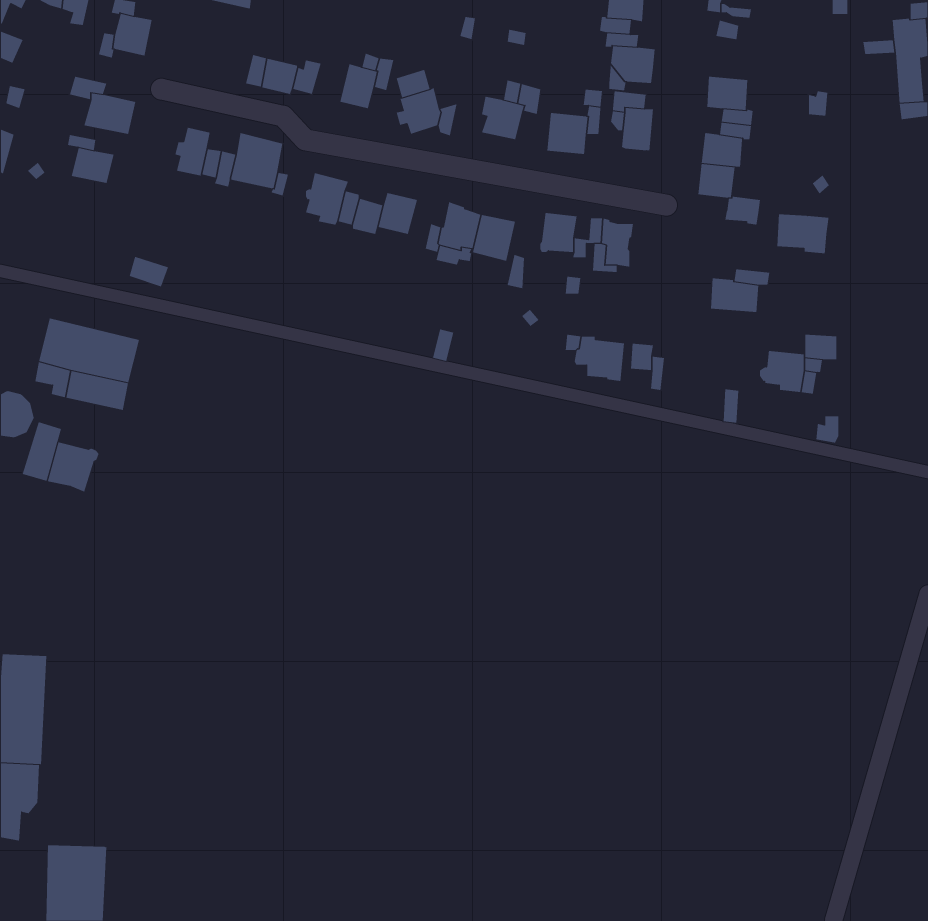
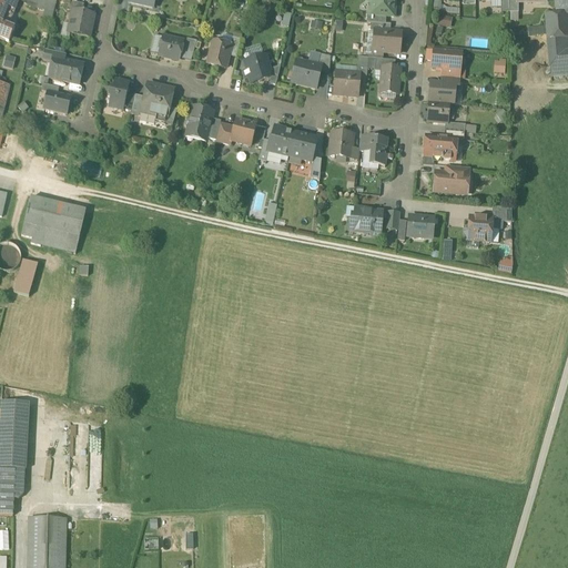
building: [776,214,829,254] -> [424,133,456,158]
building: none -> [407,214,434,235]
building: [47,442,99,492] -> none

